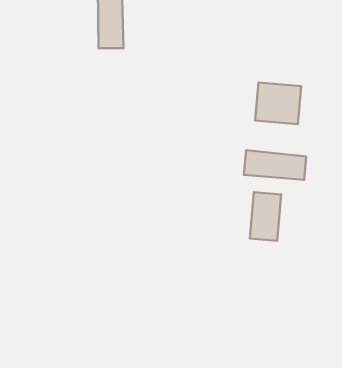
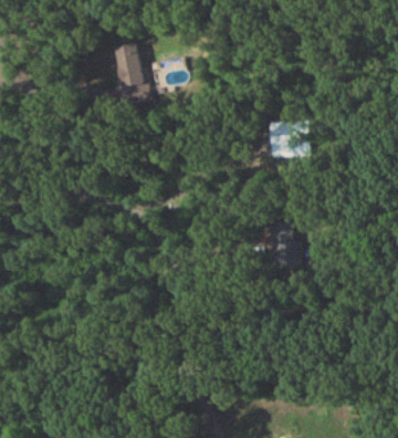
building: [244,150,306,180] -> none

